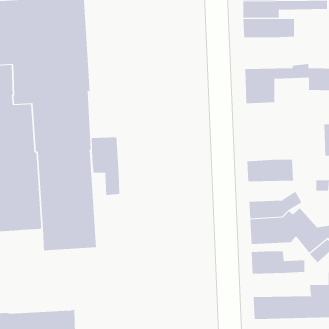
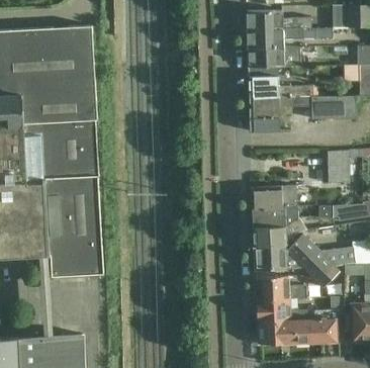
building: none -> [248,67,312,97]
building: [91,136,120,196] -> none
building: none -> [252,207,297,227]
building: none -> [255,298,313,321]

